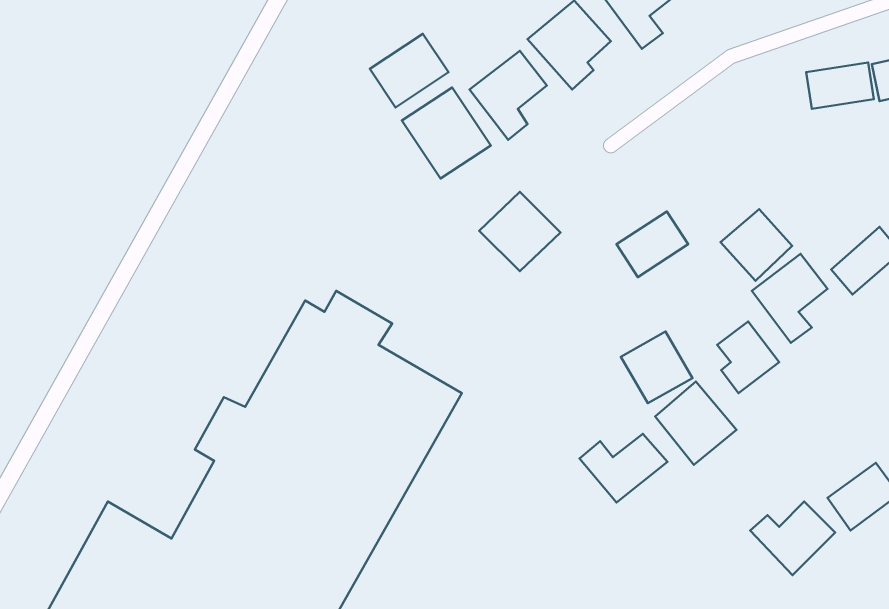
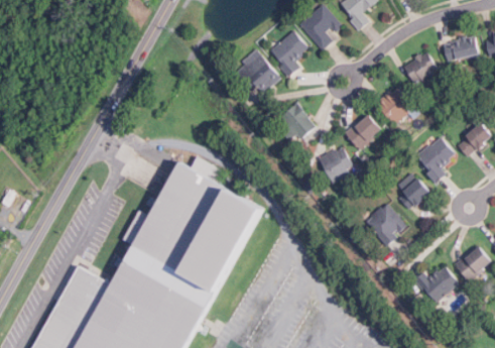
building: [370,34,448,107] -> none
building: none -> [401,50,437,84]
building: [721,209,792,281] -> [373,86,410,123]
building: [621,332,692,403] -> [317,145,354,183]
building: [580,434,667,503] -> none

